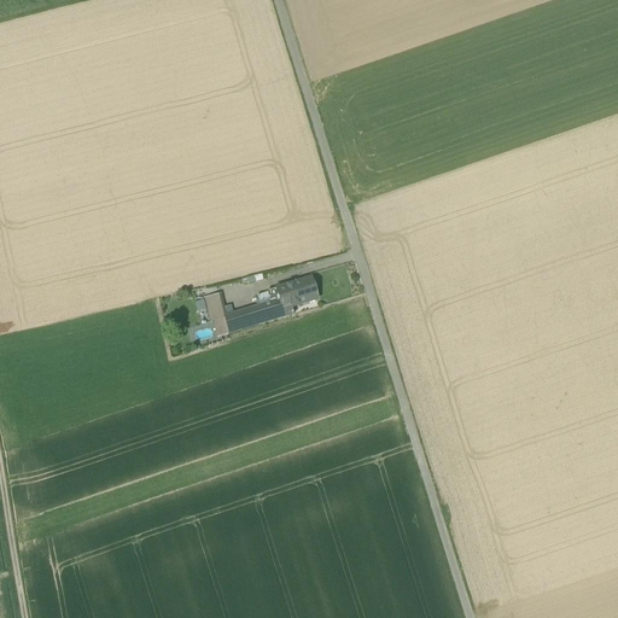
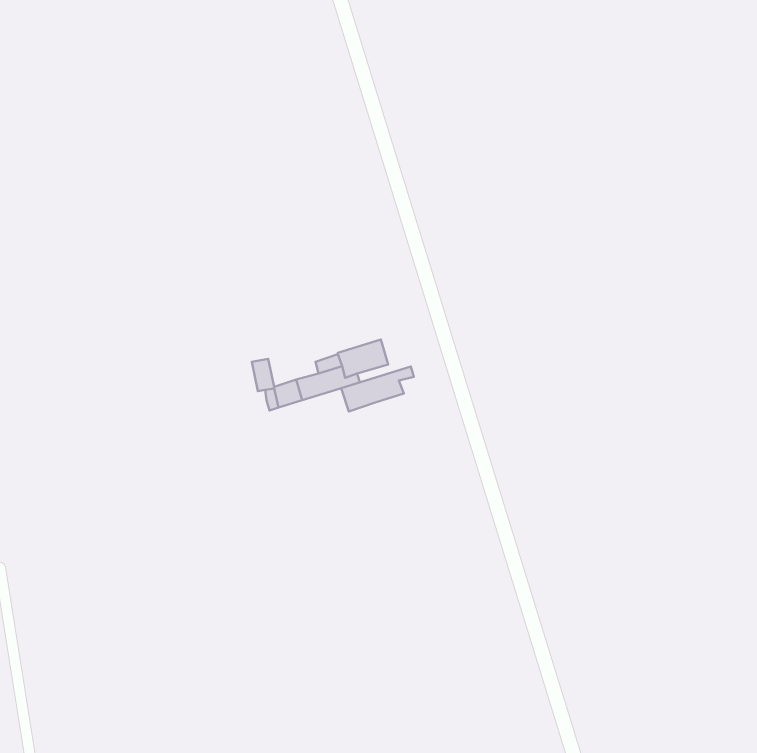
building: none -> [341,367,414,412]

